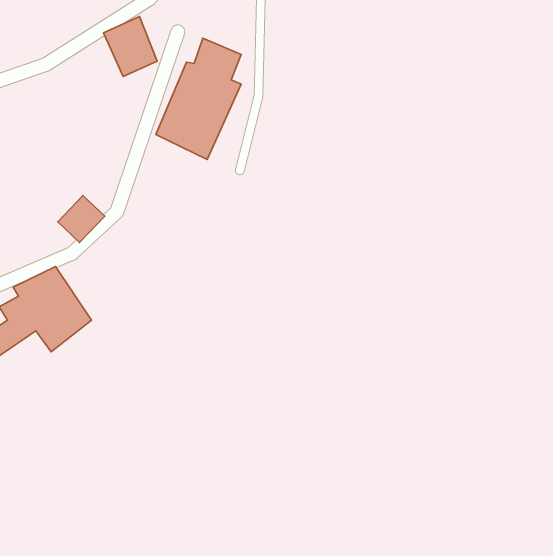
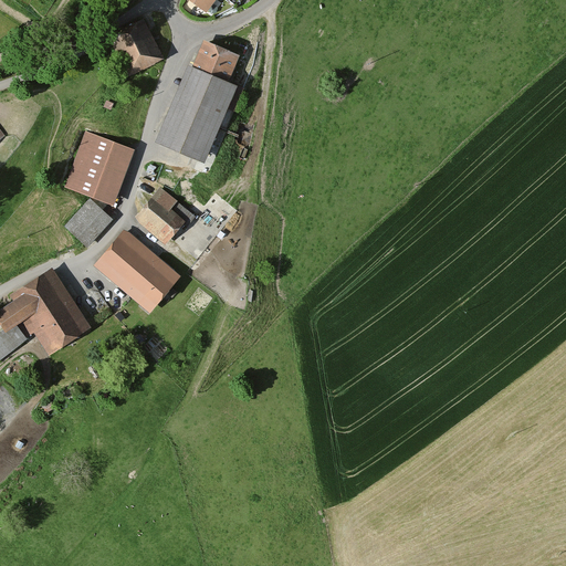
building: none -> [57,129,134,207]
building: none -> [135,186,196,244]
building: none -> [94,230,181,313]

